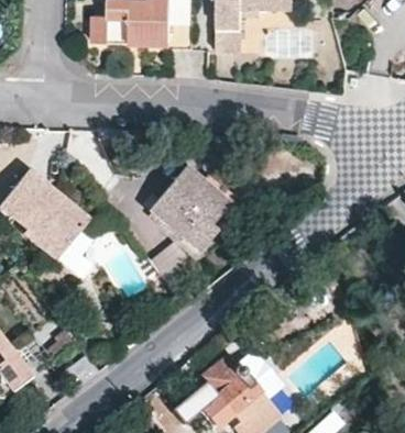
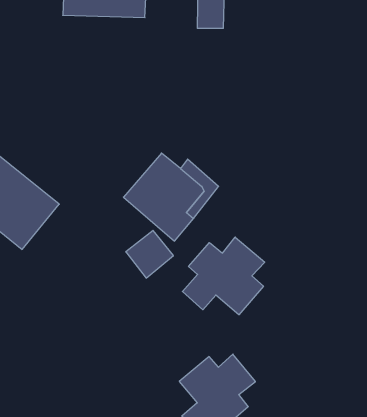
building: none -> [182,237,265,315]

